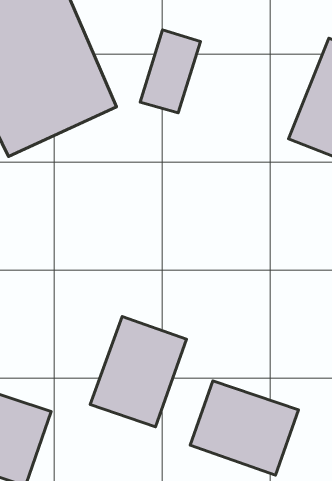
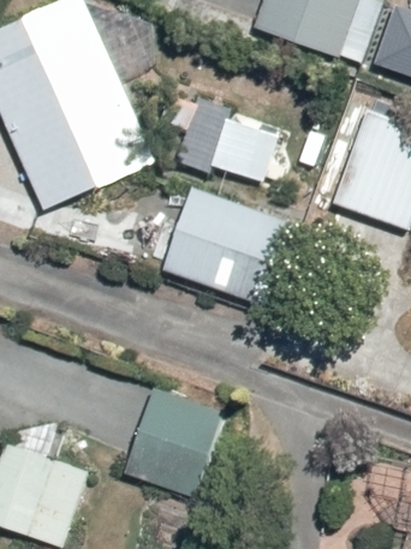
building: none -> [156,174,287,318]
building: [190,381,299,475] -> none

